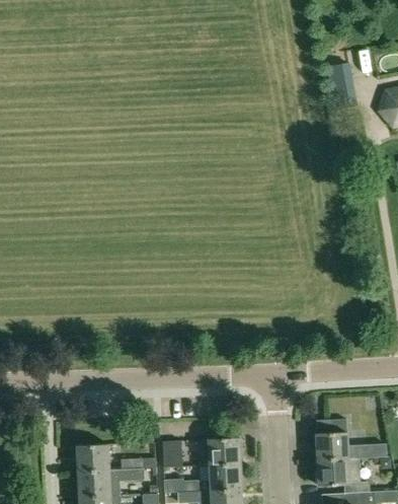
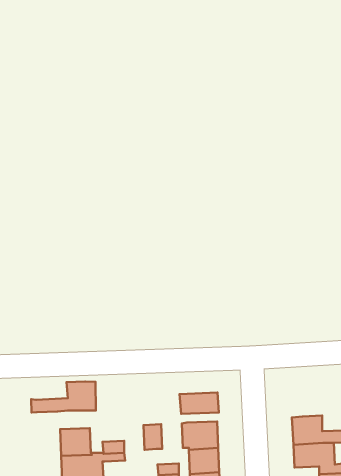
building: [328,64,354,107] -> none
building: none -> [31,382,96,412]
building: none -> [179,393,219,414]

